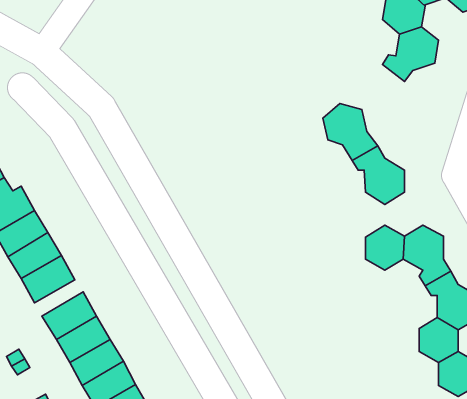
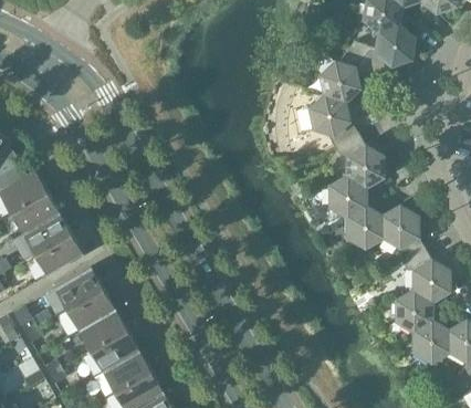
building: none -> [320,60,383,101]
building: none -> [329,176,365,217]

